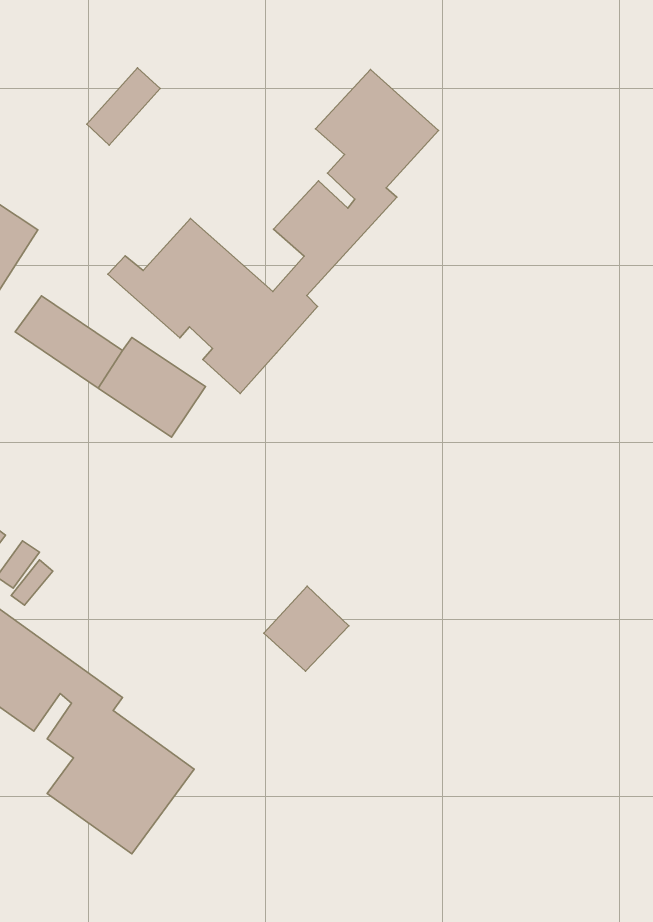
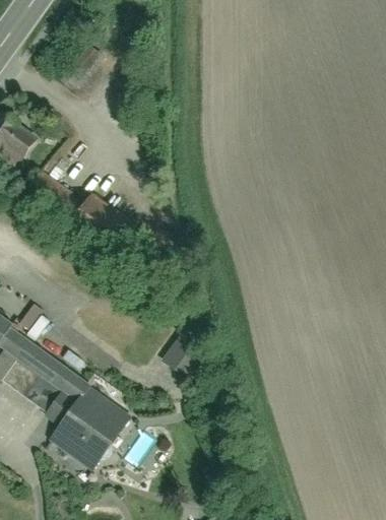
building: [108,70,438,393] -> none

